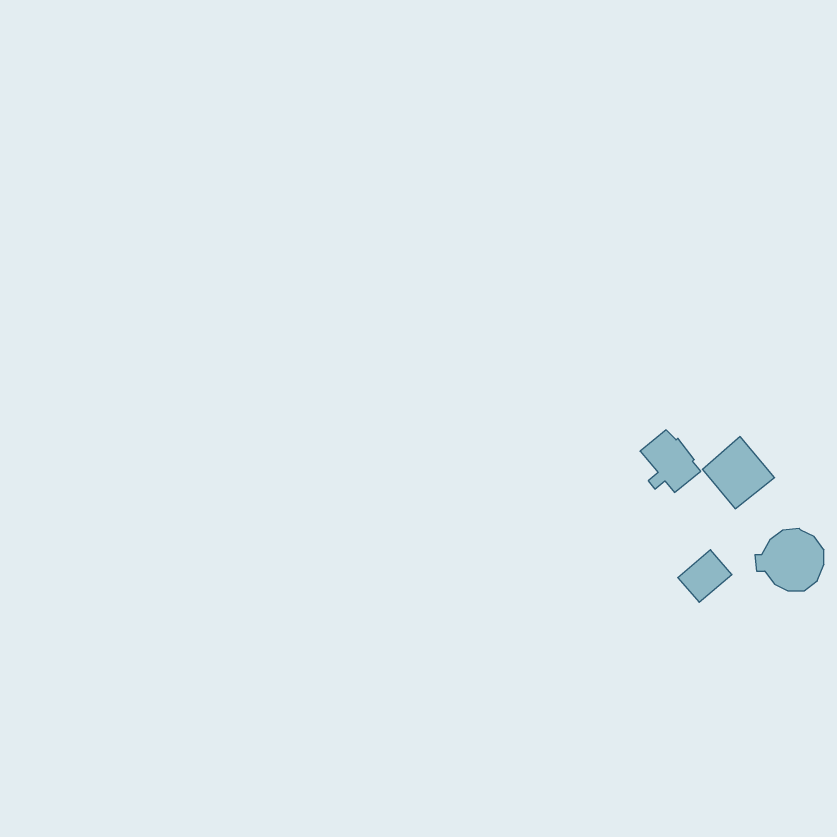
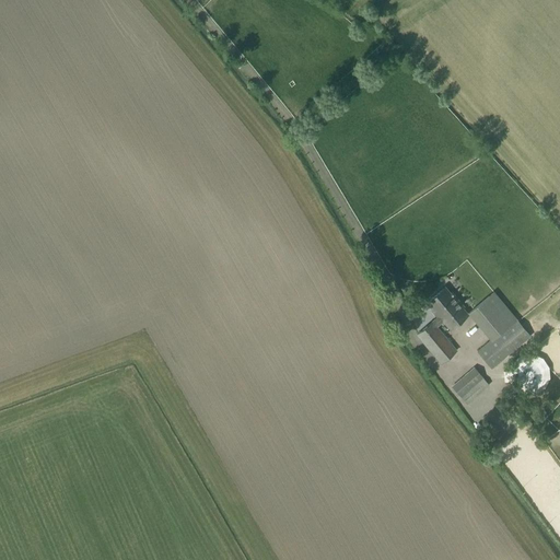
building: none -> [478,318,532,368]
building: none -> [418,320,457,362]

